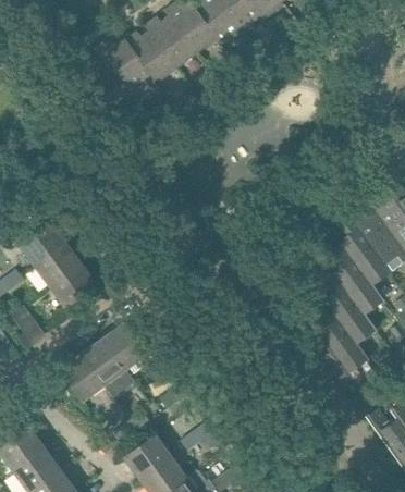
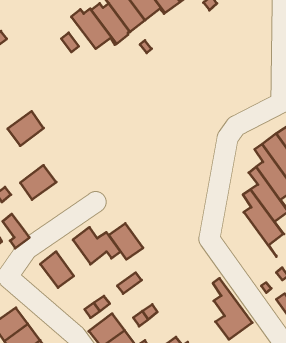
building: [17,220,64,265] -> [8,111,44,146]
building: [49,263,96,307] -> none
building: [316,303,367,382] -> [213,278,252,339]
building: [81,339,125,385] -> [109,223,143,259]

